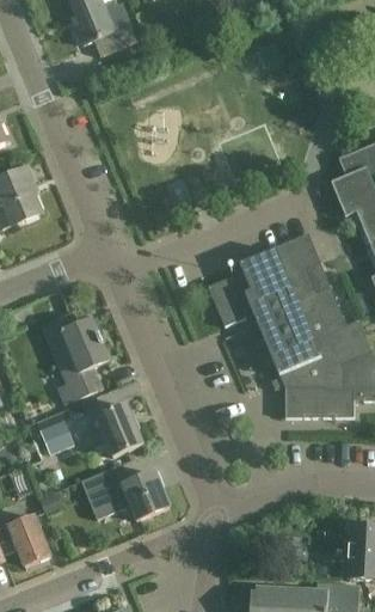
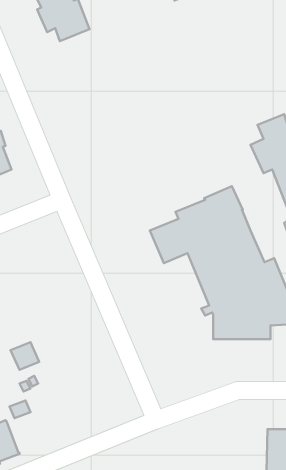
building: [42,312,109,403] -> none
building: [96,404,143,458] -> none
building: [81,465,168,519] -> none

